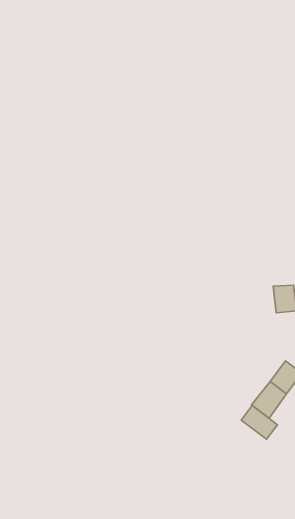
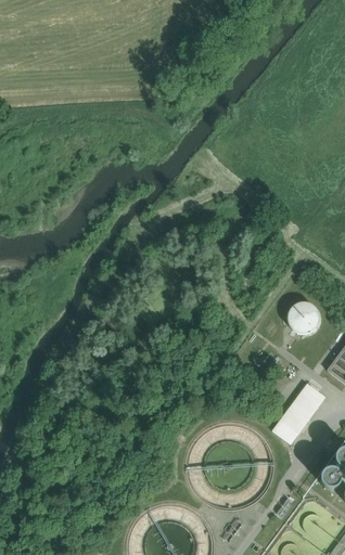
building: [241,405,278,439] -> none

